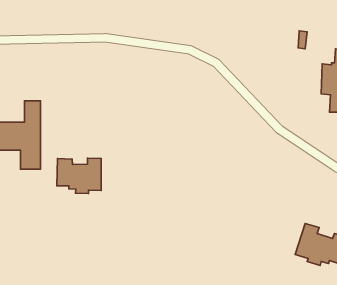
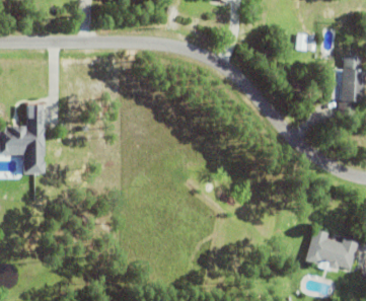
building: [57,158,101,193] -> none

